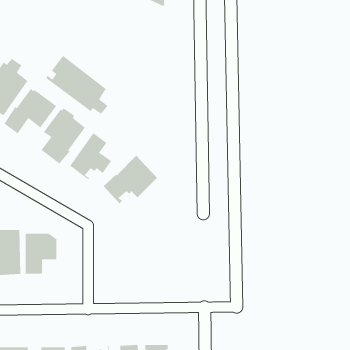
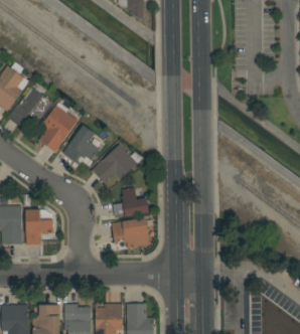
building: [45,55,109,115] -> none
building: none -> [113,187,148,217]
building: none -> [111,217,150,248]

